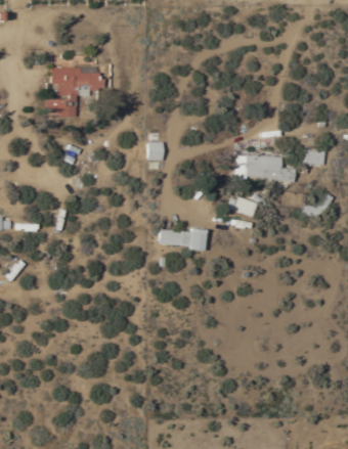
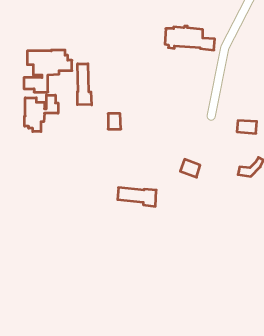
building: none -> [77,64,92,105]
building: none -> [25,95,58,132]
building: [235,152,295,181] -> [165,26,215,50]

